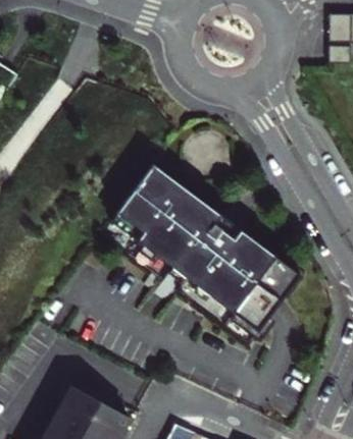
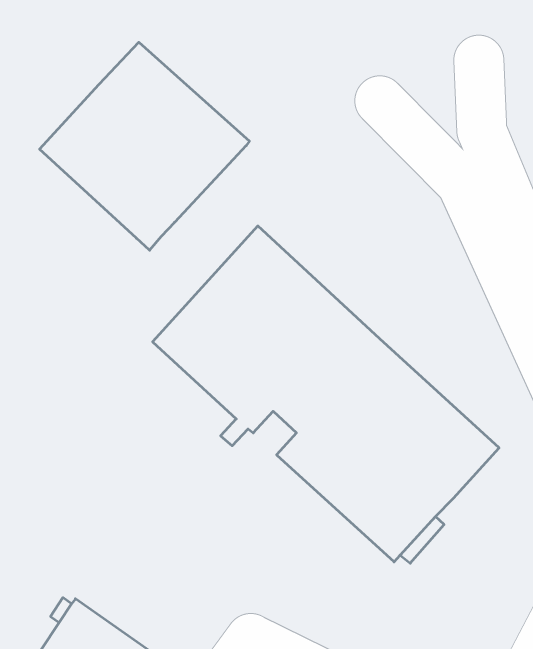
building: none -> [40,42,249,250]

